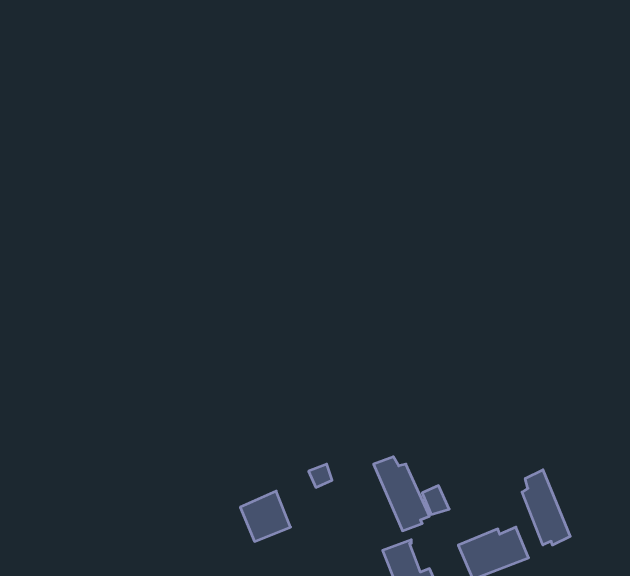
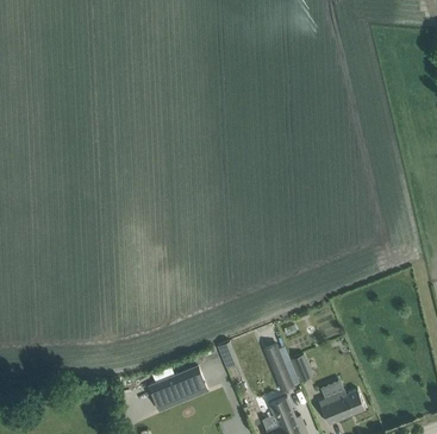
building: [522,470,570,545] -> none
building: none -> [149,376,183,409]

